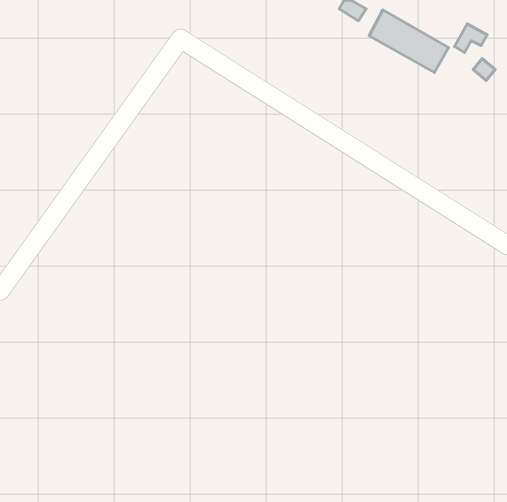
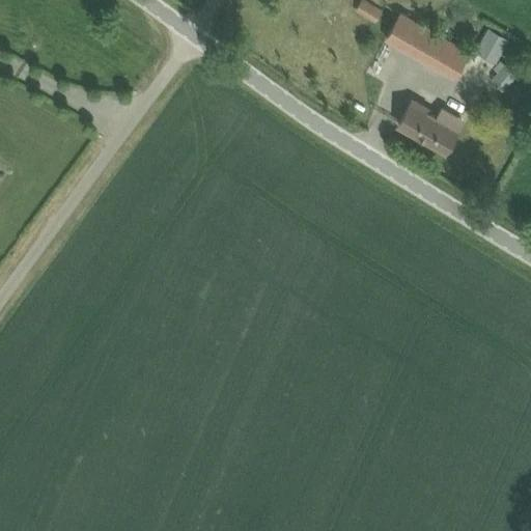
building: none -> [398,103,460,155]

